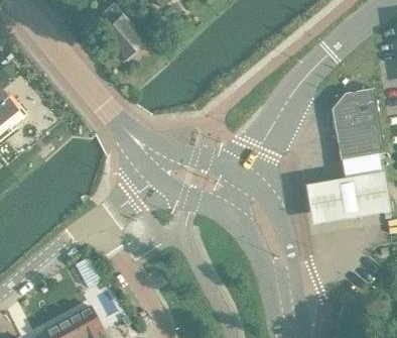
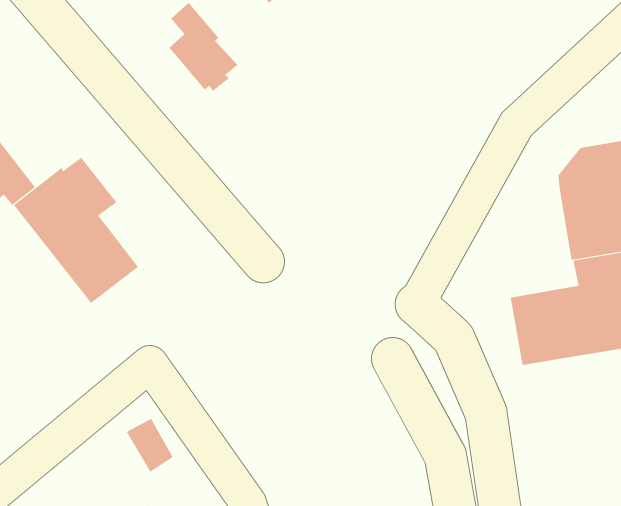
building: none -> [13,157,139,304]

